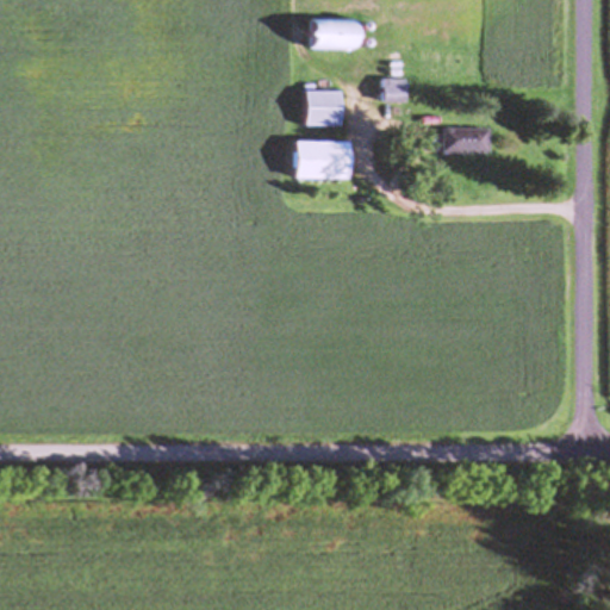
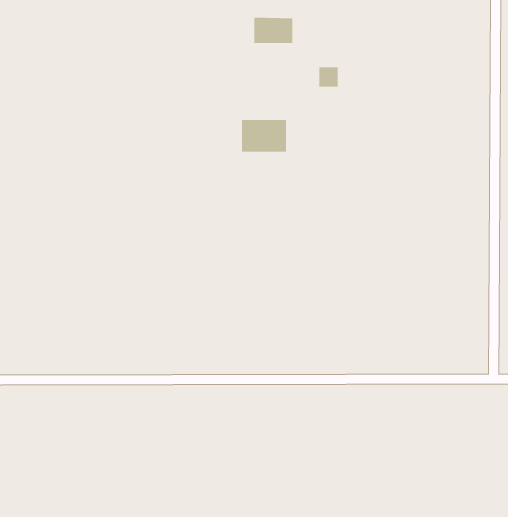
building: [306,91,342,125] -> none
building: [447,127,493,152] -> none

